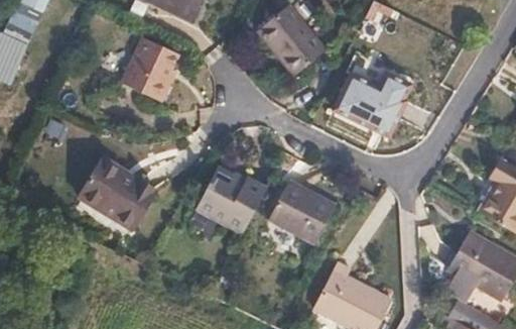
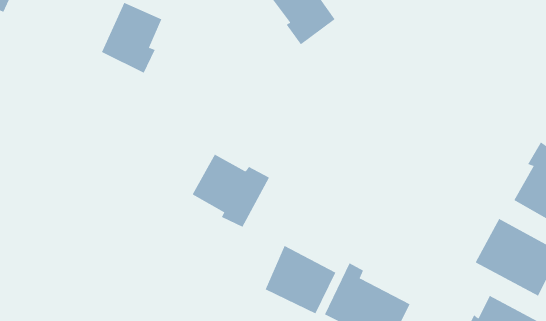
building: [332,68,410,133] -> none
building: [81,151,157,225] -> none
building: [269,186,333,247] -> [265,245,336,314]

